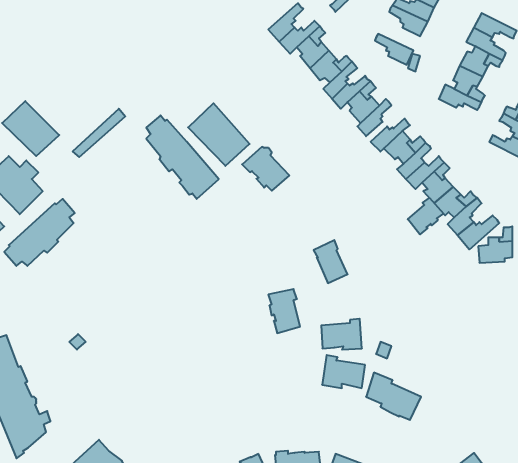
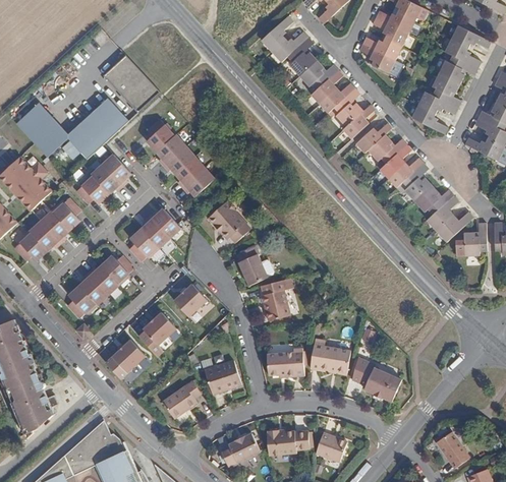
building: none -> [361,37,400,59]
building: none -> [66,100,121,153]
building: none -> [410,104,447,135]
building: [188,103,250,166] -> [101,54,158,112]
building: [242,147,289,191] -> [207,201,250,242]
building: none -> [76,154,131,202]
building: [408,198,443,234] -> none
building: none -> [128,207,180,259]
building: [314,240,348,283] -> [235,245,267,285]
building: none -> [67,254,132,315]
building: none -> [173,283,205,315]
building: [321,319,362,350] -> [266,348,303,376]
building: none -> [143,311,175,344]
building: none -> [105,338,144,376]
building: none -> [204,360,240,394]
building: none -> [162,380,201,418]

